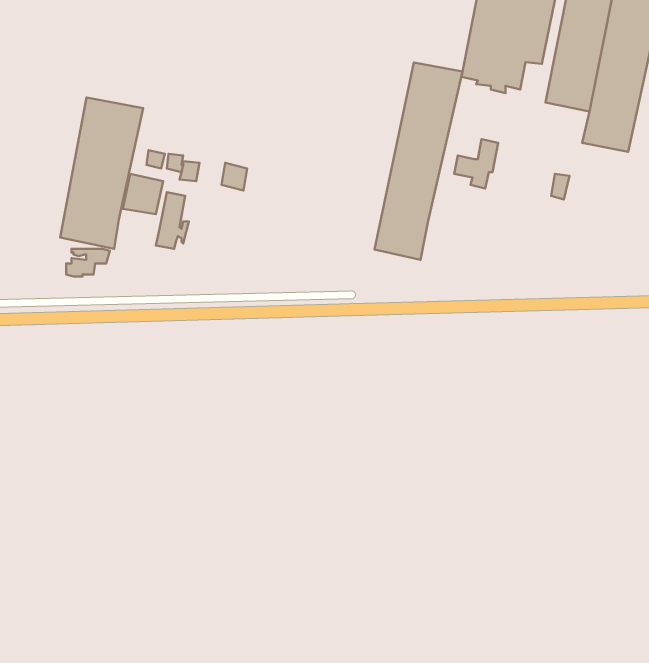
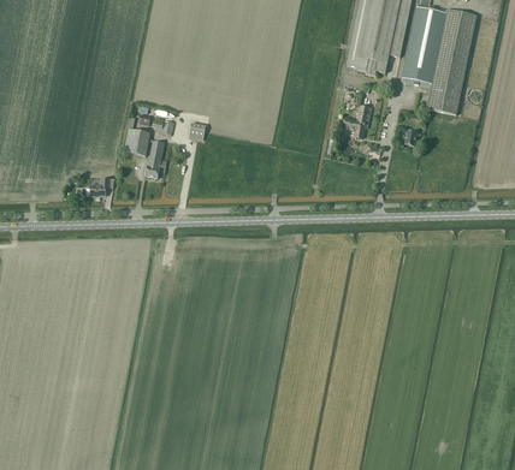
building: [375,62,462,260] -> none
building: [60,97,143,249] -> none

